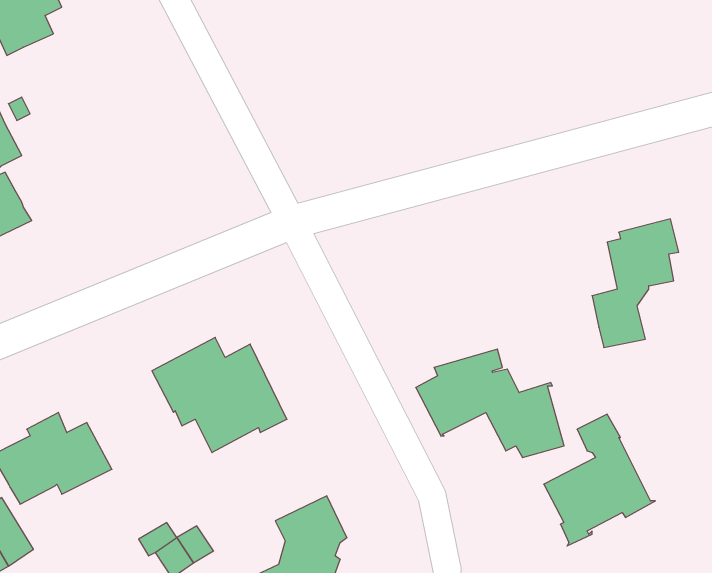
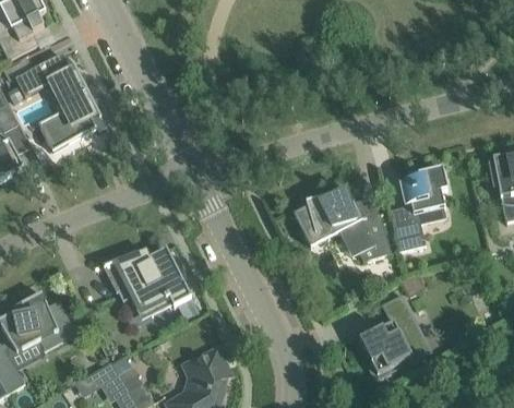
building: none -> [16,55,99,153]
building: [416,349,564,458] -> [294,190,391,261]

